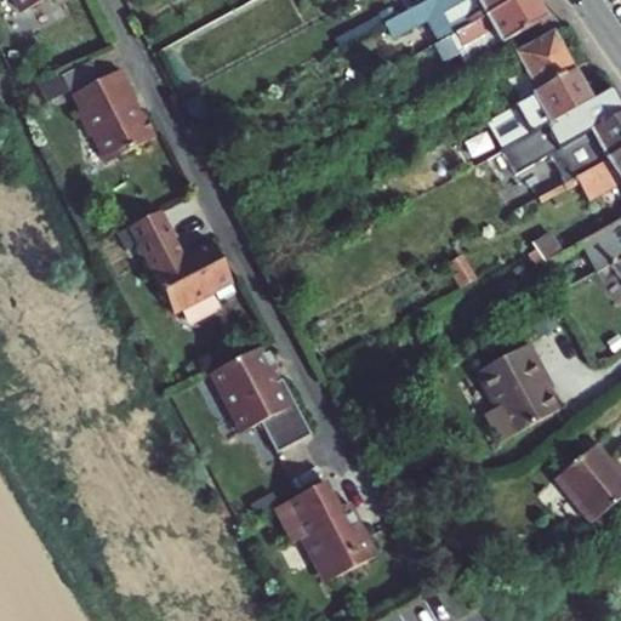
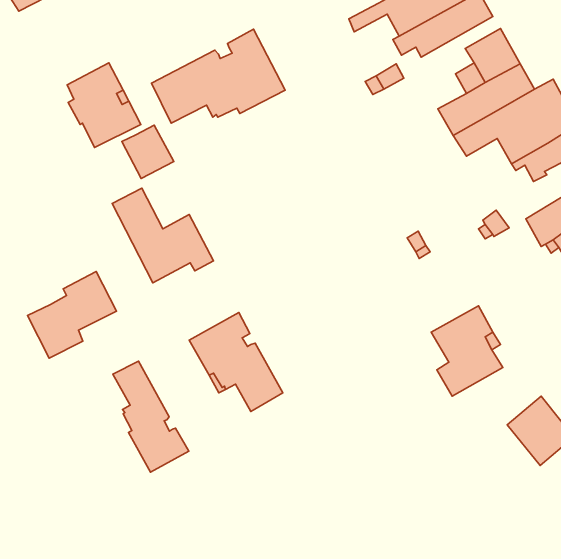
building: none -> [151,29,285,123]
building: none -> [122,125,174,179]
building: none -> [28,272,117,358]
building: none -> [113,361,189,472]
building: [280,484,381,583] -> none

